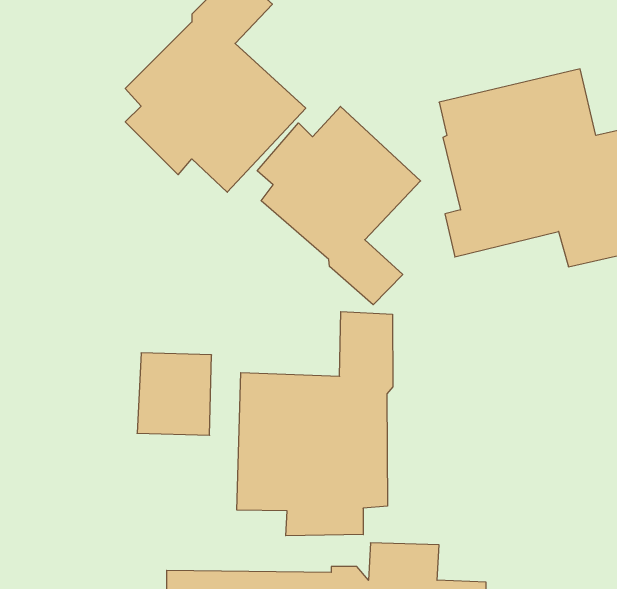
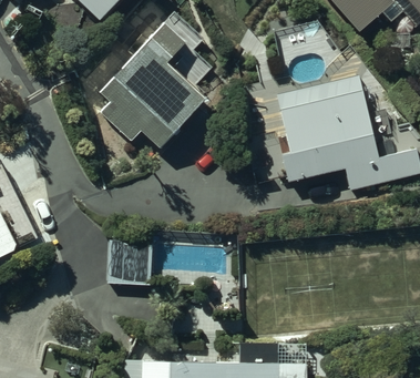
building: [257,106,421,305] -> none
building: [237,312,393,536] -> none

